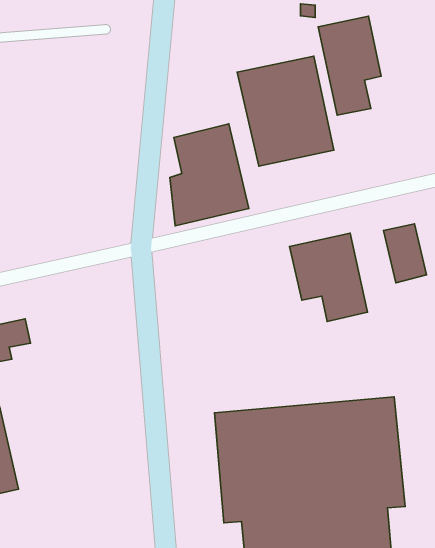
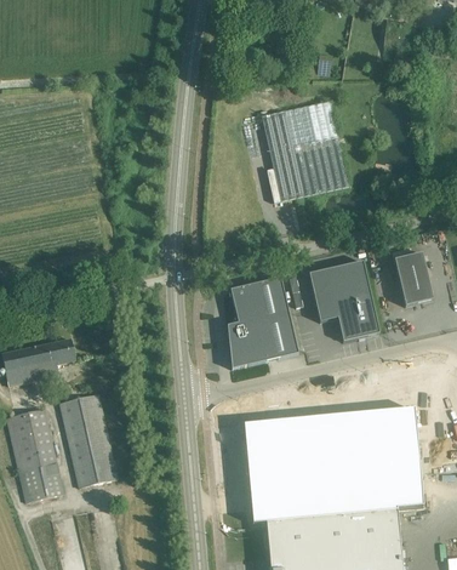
building: [318,16,381,115] -> none
building: [170,124,249,226] -> [227,277,298,369]
building: none -> [59,393,118,486]

